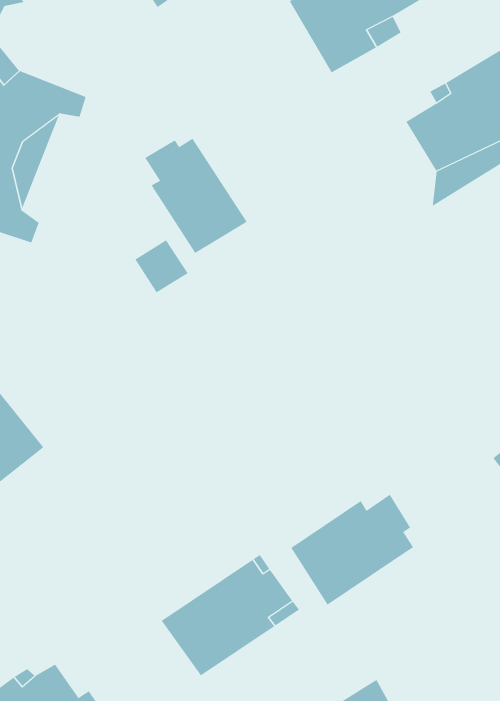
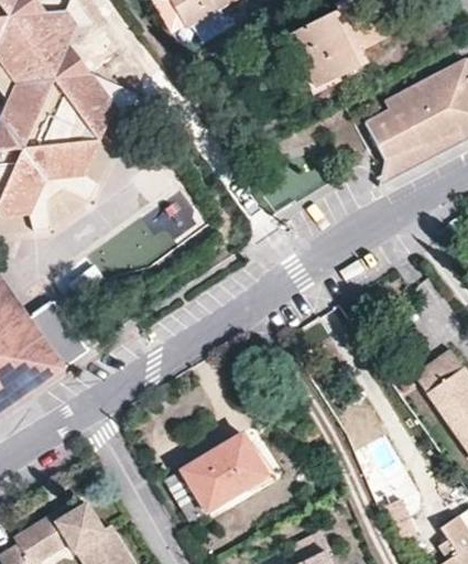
building: [145,138,247,254] -> none
building: [291,494,414,606] -> none

